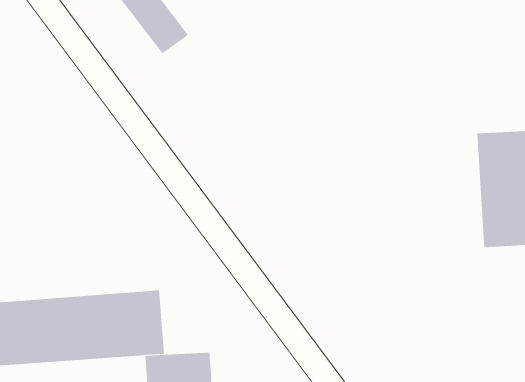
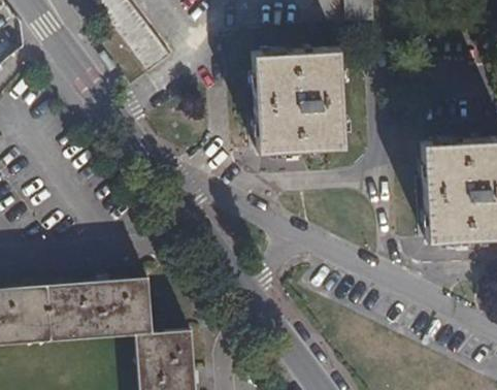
building: none -> [254,50,344,153]

